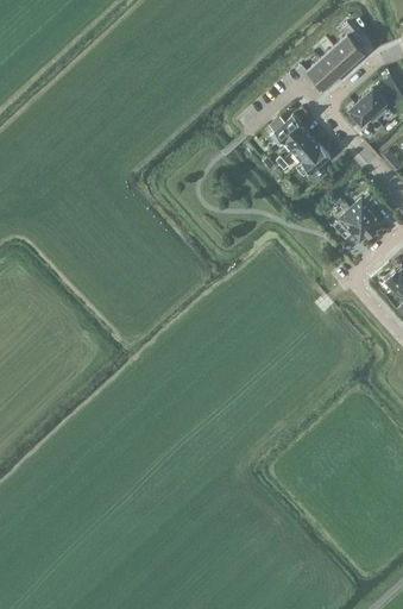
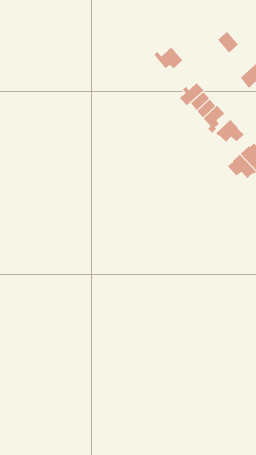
building: [338,23,369,64] -> none
building: [301,58,340,88] -> [154,47,183,69]
building: none -> [215,119,244,143]

